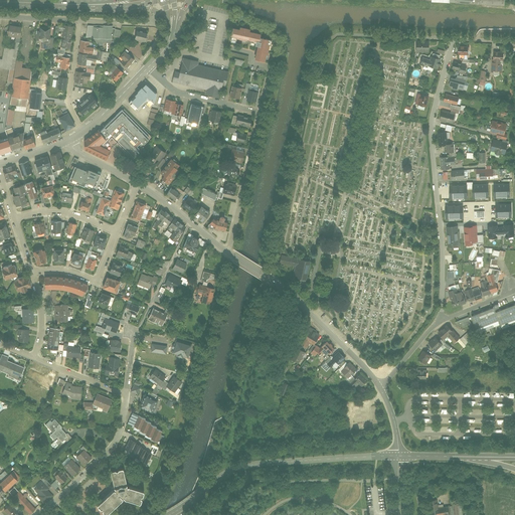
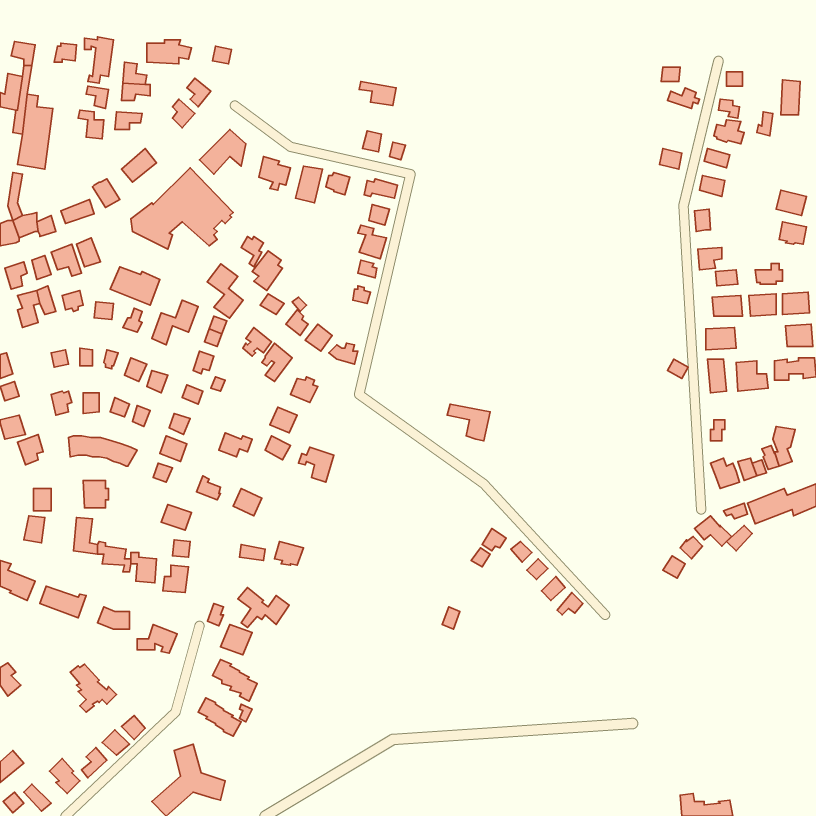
building: [228,25,269,60] -> none
building: [173,58,228,98] -> none
building: none -> [207,264,243,318]

